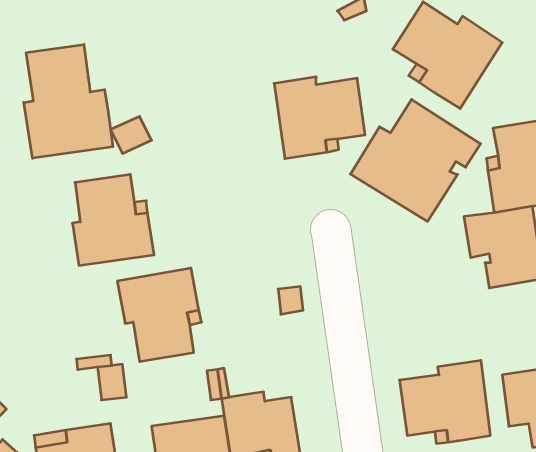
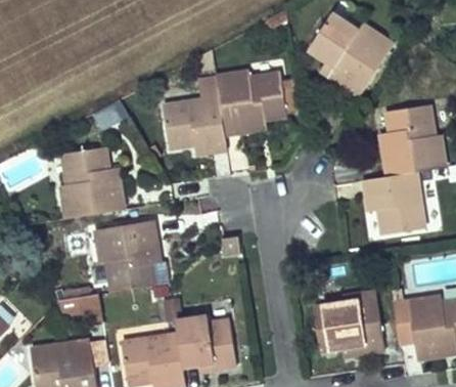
building: [24,44,113,158] -> none
building: none -> [163,76,227,154]
building: [350,99,481,221] -> none

